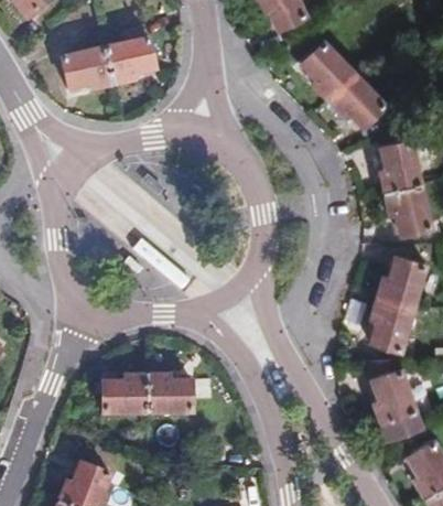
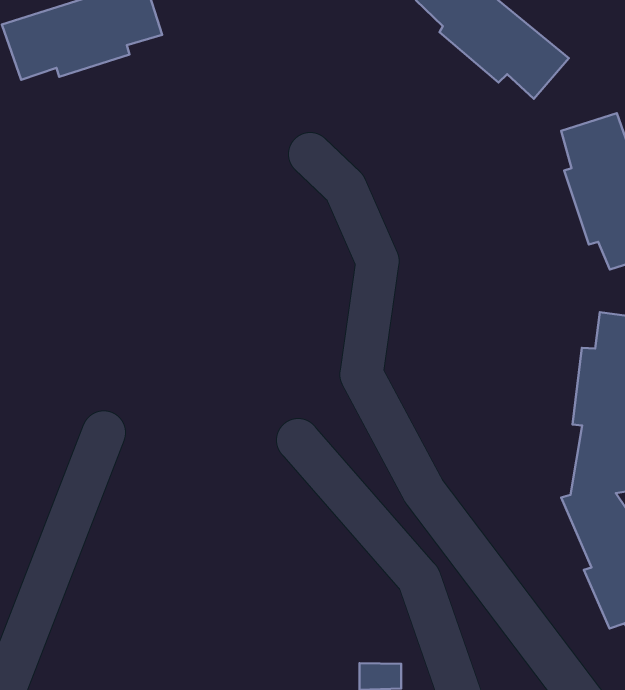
building: [106,373,194,413] -> none

